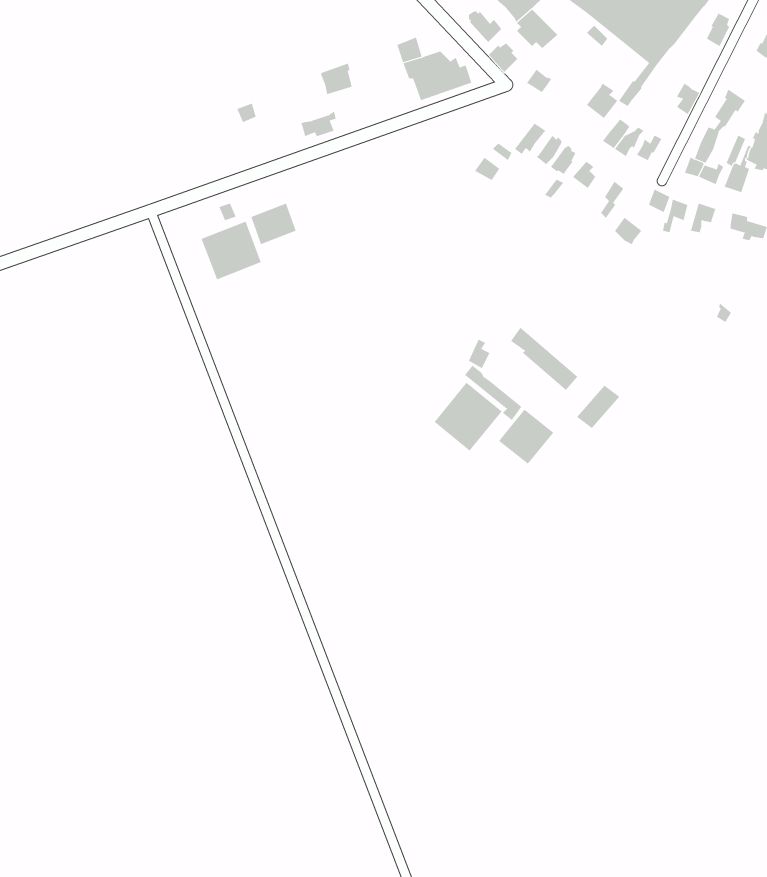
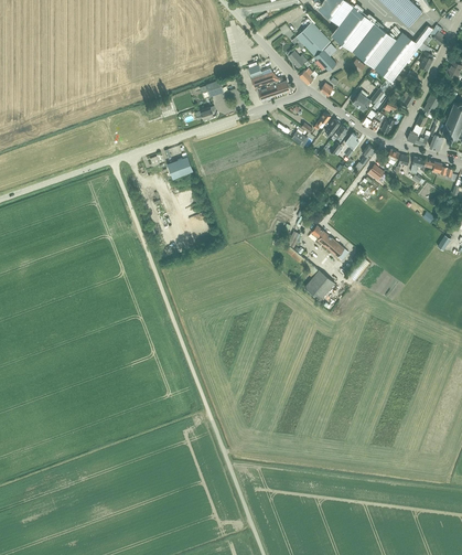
building: [201,221,262,280] -> none
building: [434,382,502,452] -> none

